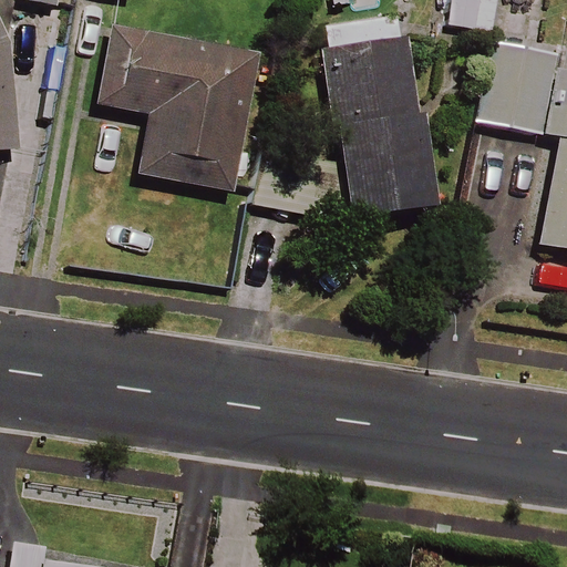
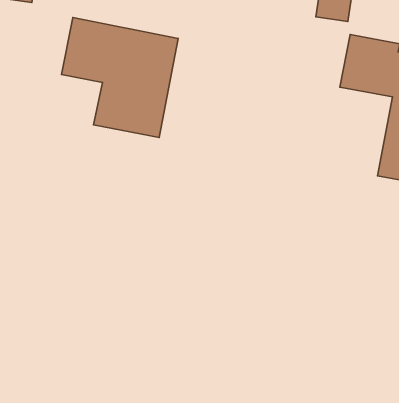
building: [321,14,431,218] -> none

